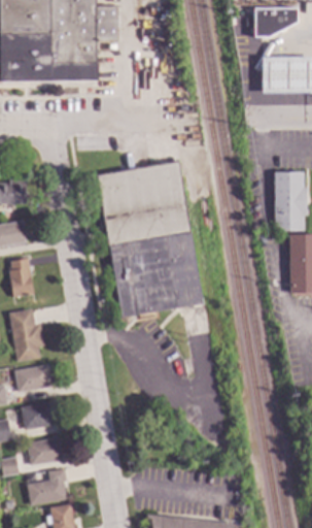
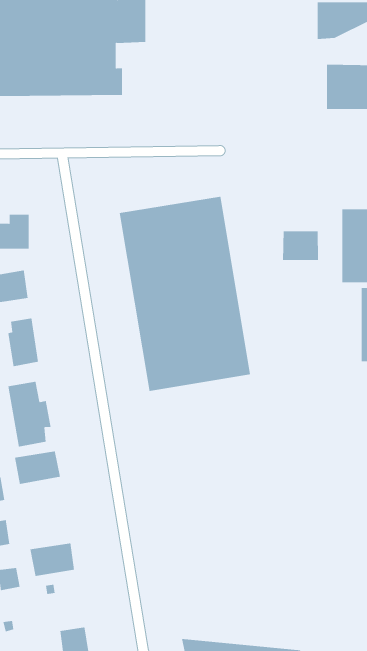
building: none -> [283,230,318,261]
building: [21,401,58,429] -> none
building: [28,468,67,504] -> none

